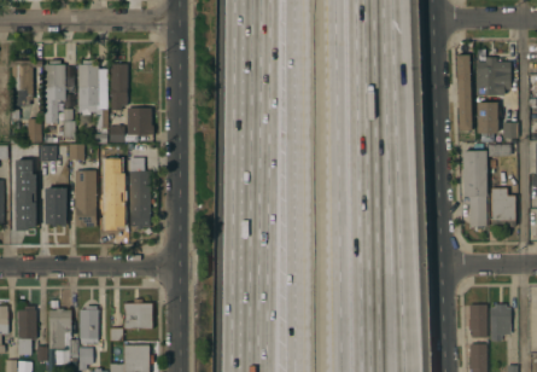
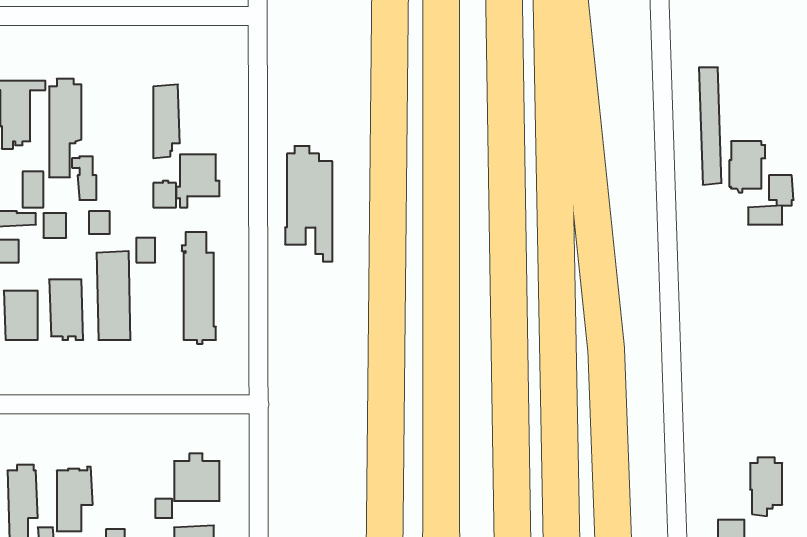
building: [477,57,510,94] -> none
building: [76,60,106,134] -> [285,146,332,262]
building: [462,149,486,223] -> none
building: [491,186,515,225] -> none
building: [105,188,123,222] -> none
building: [469,302,486,336] -> none
building: [80,307,98,343] -> none

